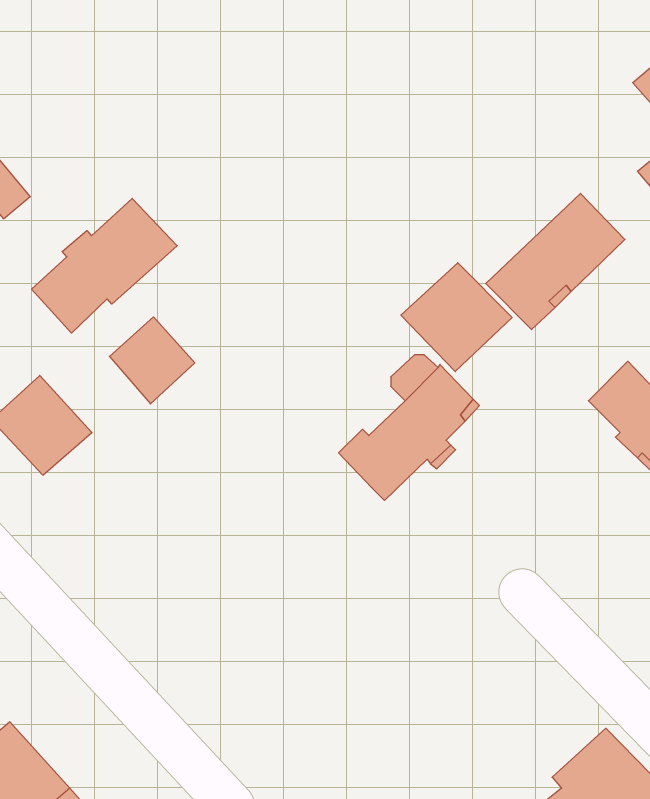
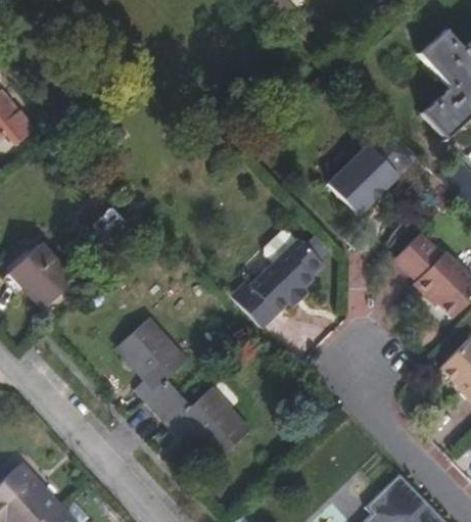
building: [32,198,177,333] -> none
building: [401,263,512,372] -> none
building: none -> [119,317,252,456]

